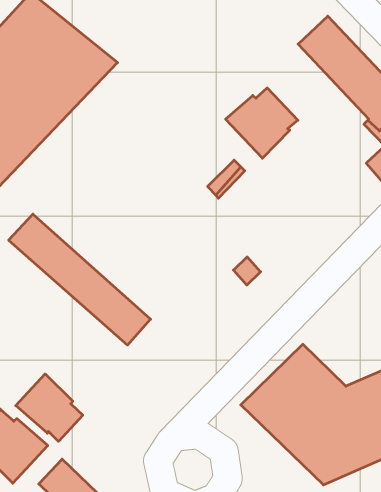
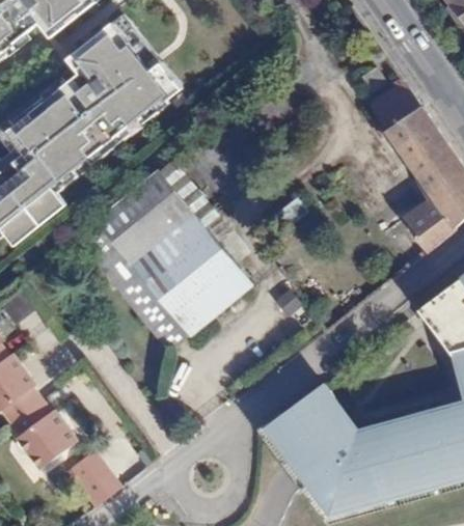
building: [226,88,298,158] -> none
building: none -> [97,164,246,334]
building: [16,374,83,441] -> none

